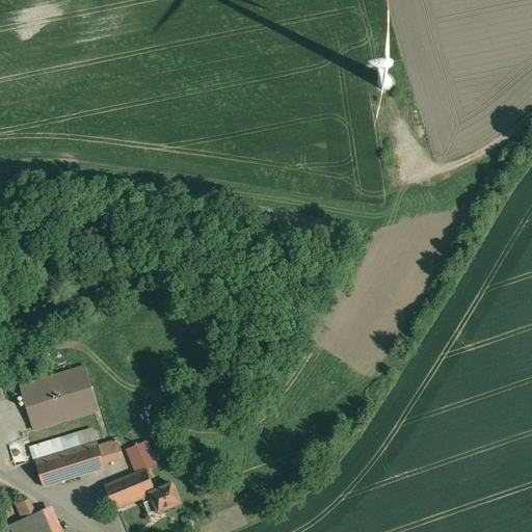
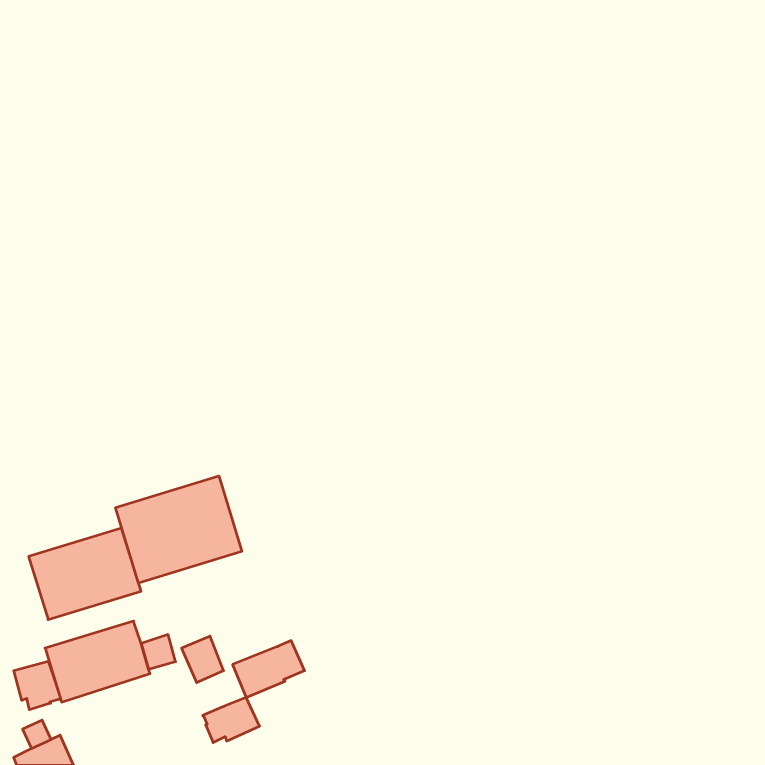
building: none -> [116,476,242,583]
building: none -> [14,661,61,710]
building: [105,469,155,508] -> [232,640,304,698]

